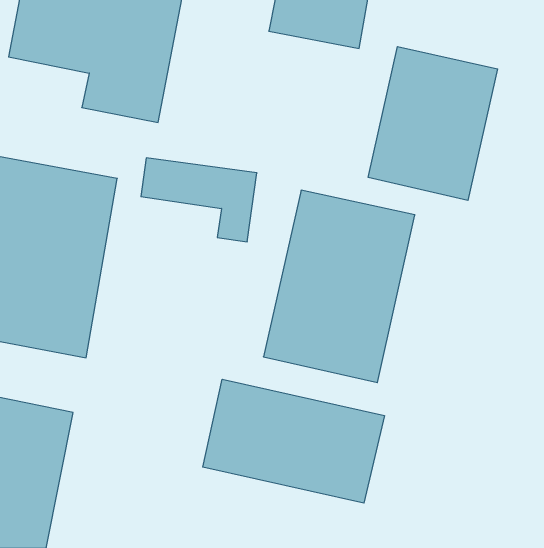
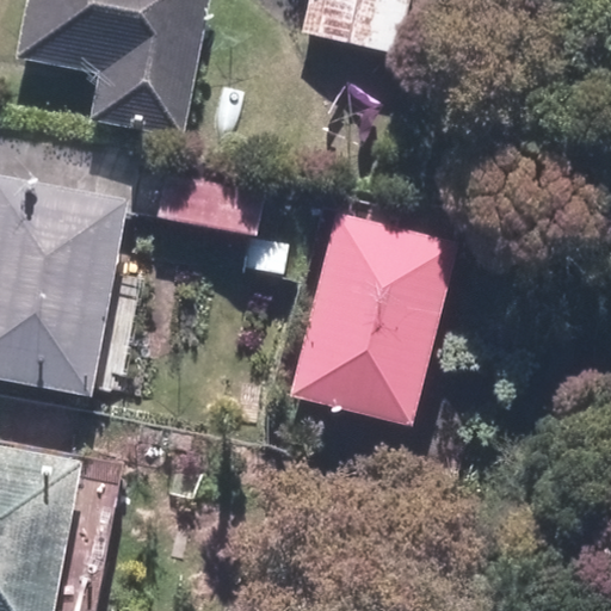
building: [368,47,498,200] -> none
building: [203,379,384,503] -> none

